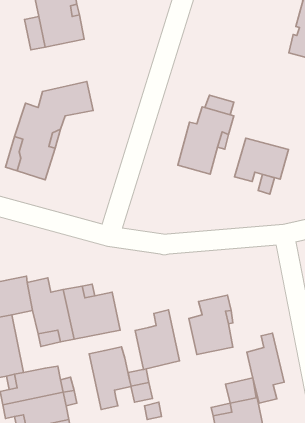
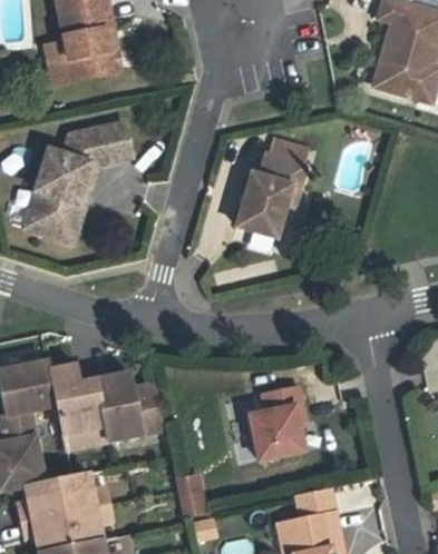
building: [234,138,289,181] -> none
building: [135,310,179,369] -> none
building: [247,333,284,403] -> none
building: [89,347,131,410] -> none

